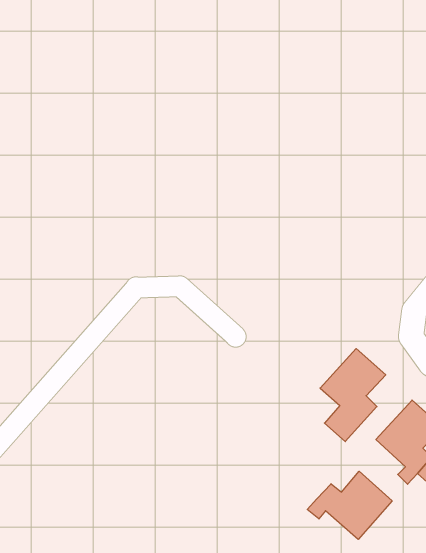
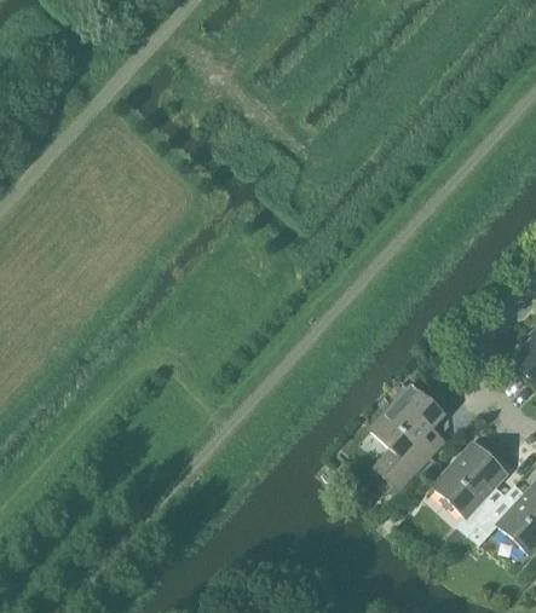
building: [307,471,392,539] -> none

